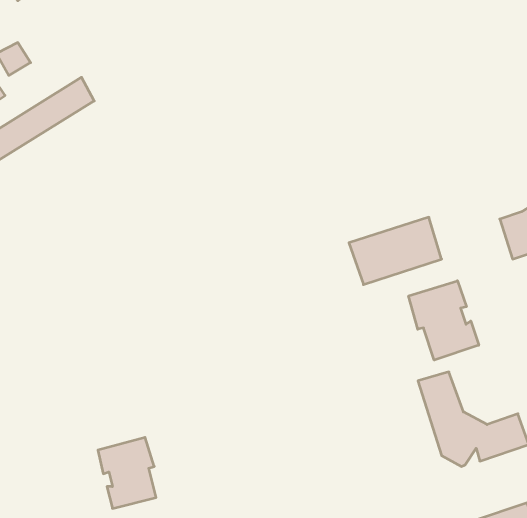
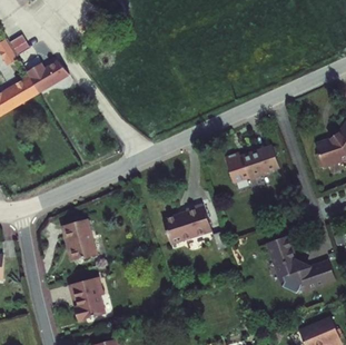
building: [409,281,479,360] -> none
building: none -> [164,204,212,243]
building: none -> [61,218,96,260]

